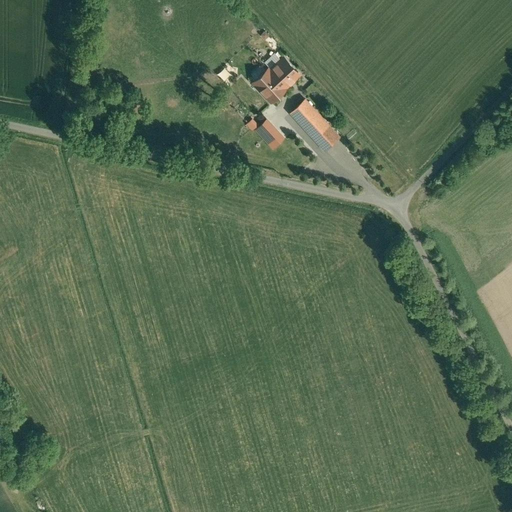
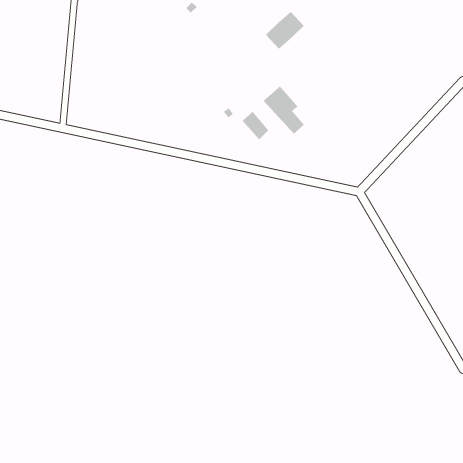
building: [253,60,296,102] -> [265,11,304,49]

